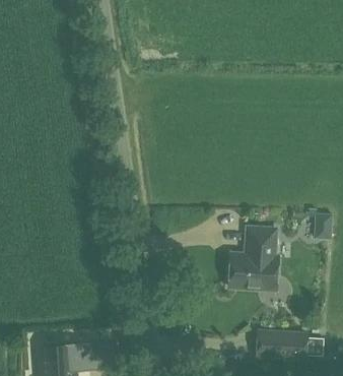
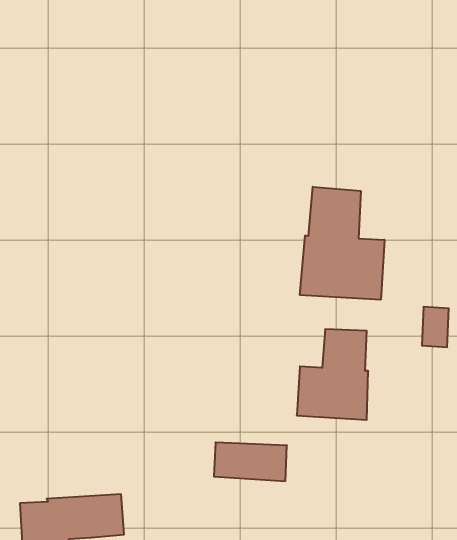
building: none -> [300,187,384,300]
building: [258,331,307,358] -> [214,442,287,481]

